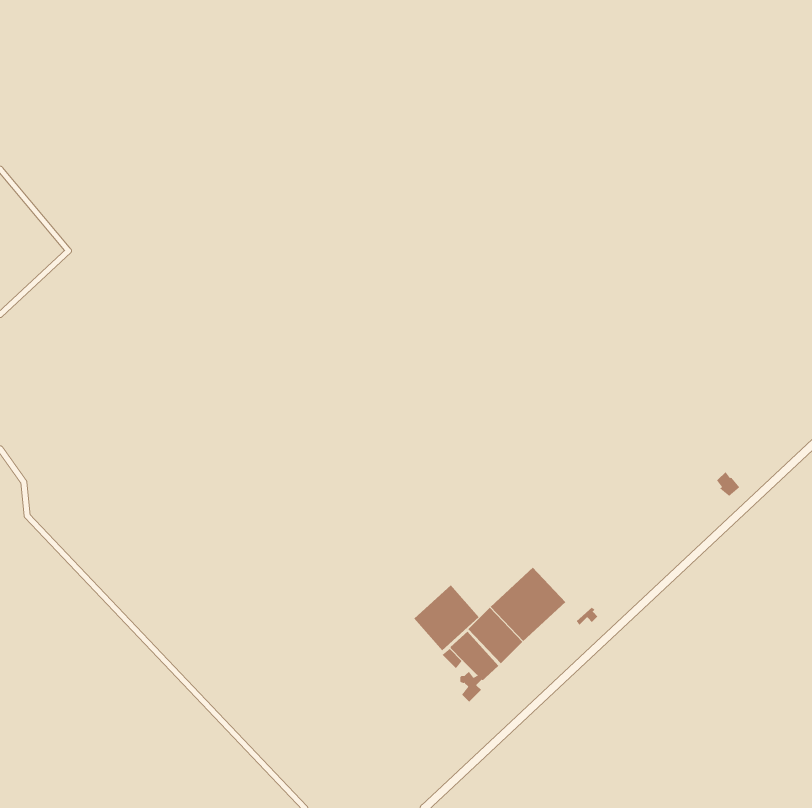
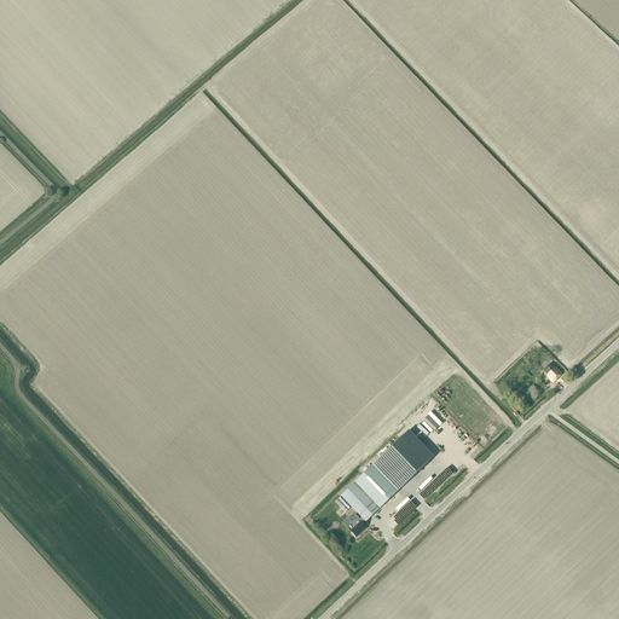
building: [413,584,480,651] -> none

